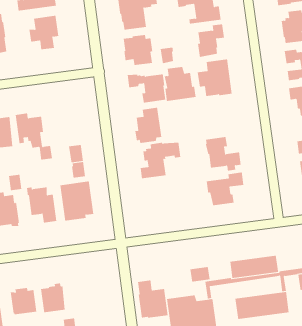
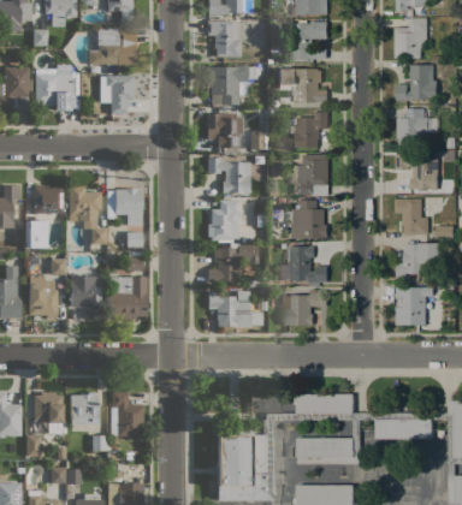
building: [164,66,196,101] -> [291,200,327,238]
building: none -> [106,188,142,225]
building: none -> [208,290,262,326]
building: [137,280,168,318] -> [109,391,142,435]

